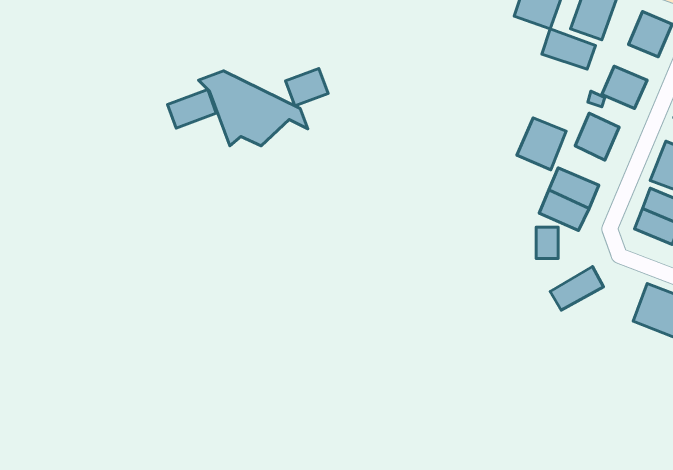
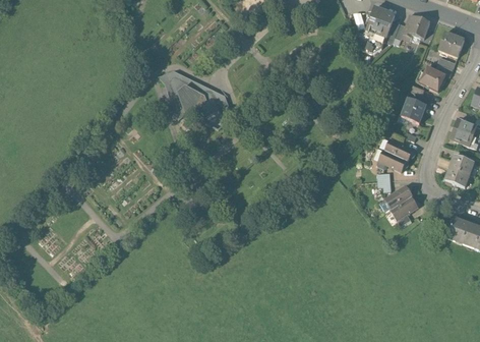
building: [542,29,596,69] -> none
building: [286,68,328,106] -> none
building: [168,89,216,128] -> none
building: [517,118,566,170] -> none
building: none -> [378,184,413,213]

